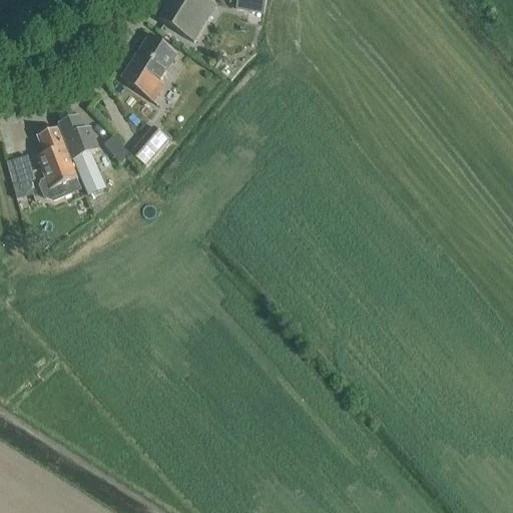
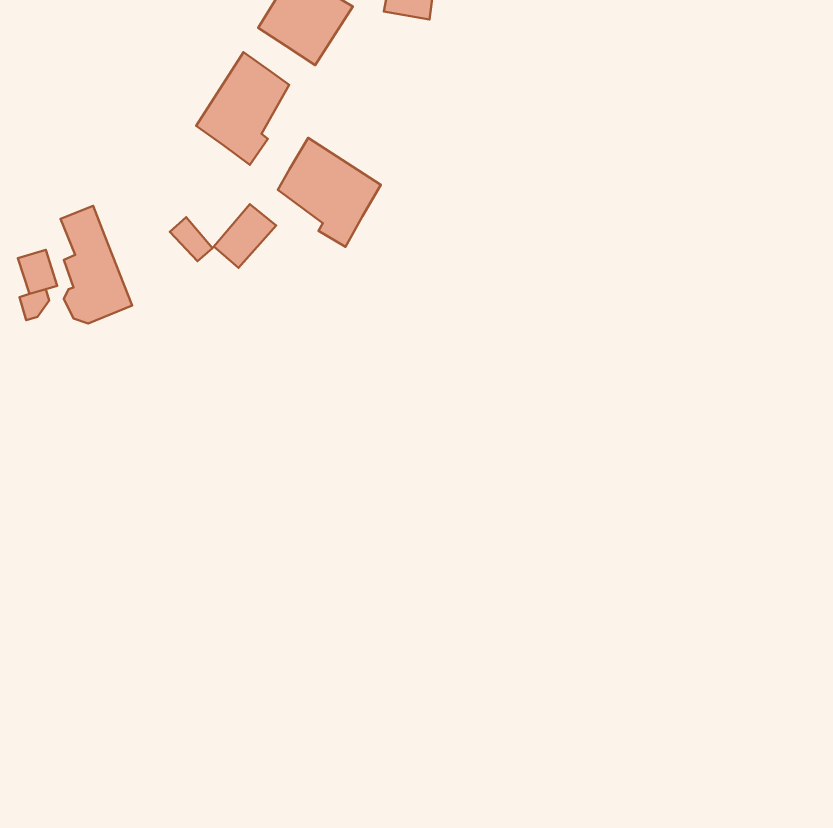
building: none -> [278,138,381,247]
building: [58,113,106,193] -> none

